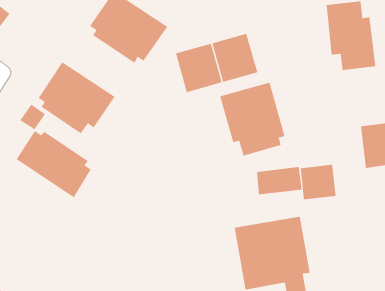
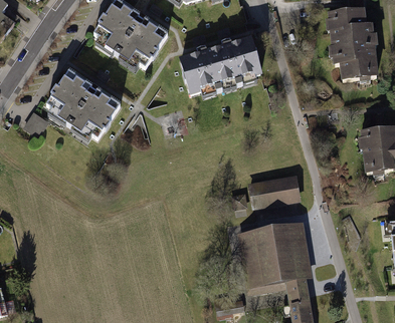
building: [219,82,285,157] -> none
building: [16,130,92,198] -> none
building: [300,164,336,200] -> none

